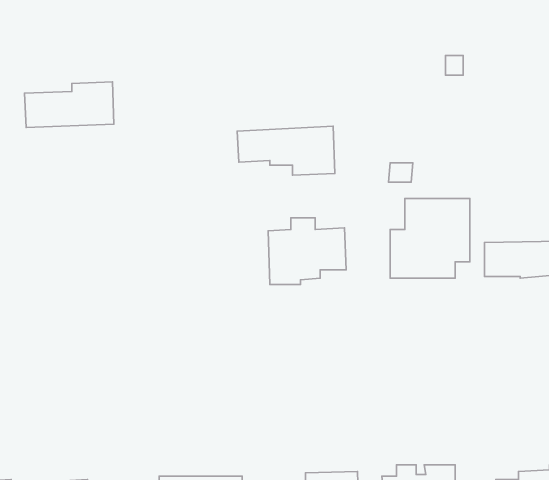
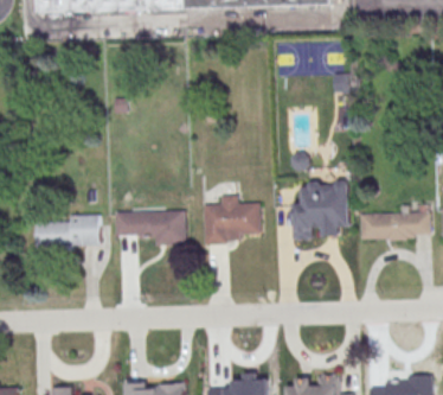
building: [25,82,114,127] -> [36,215,101,248]
building: [237,126,335,175] -> [115,210,186,246]

